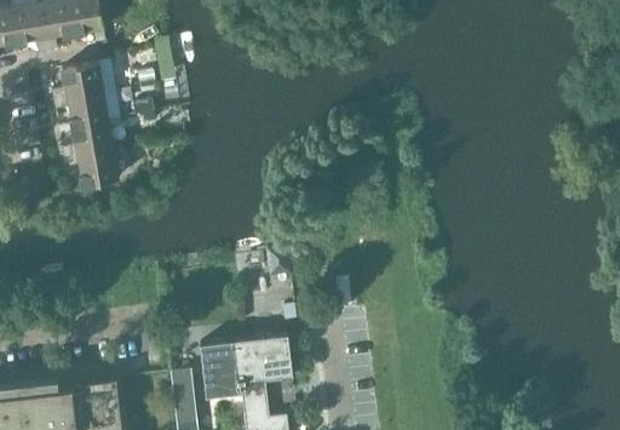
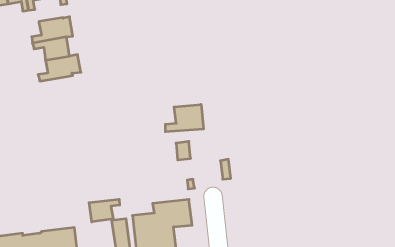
building: [63,151,117,187] -> none
building: none -> [165,104,203,132]
building: none -> [89,199,120,222]

